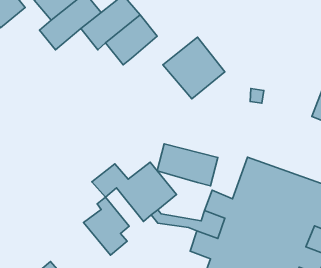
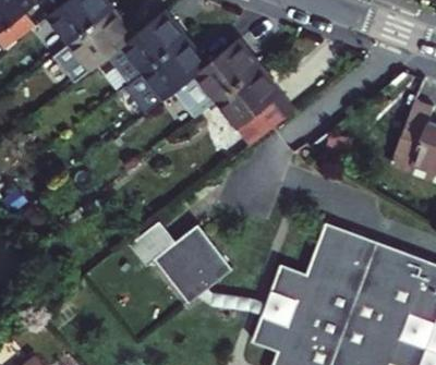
building: none -> [172,40,257,118]
building: [157,144,218,186] -> none
building: [84,197,129,255] -> none

